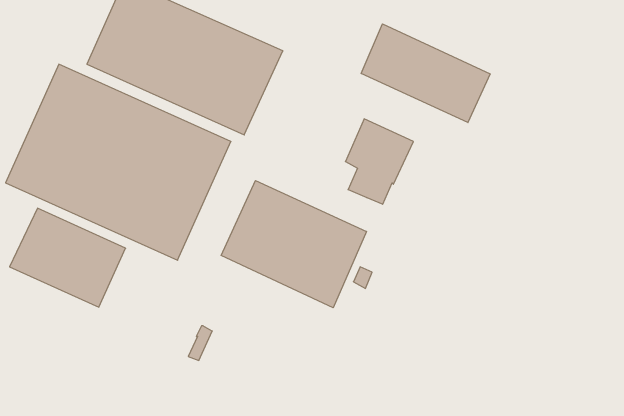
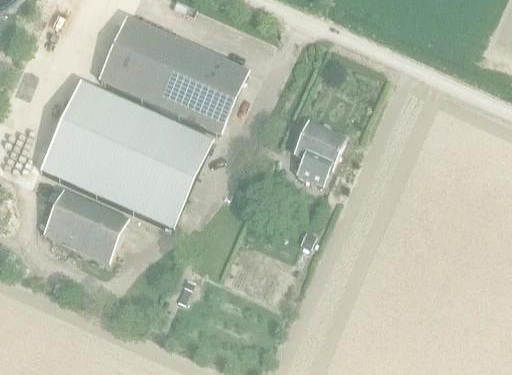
building: [361,24,490,123] -> none
building: [221,181,366,308] -> none

